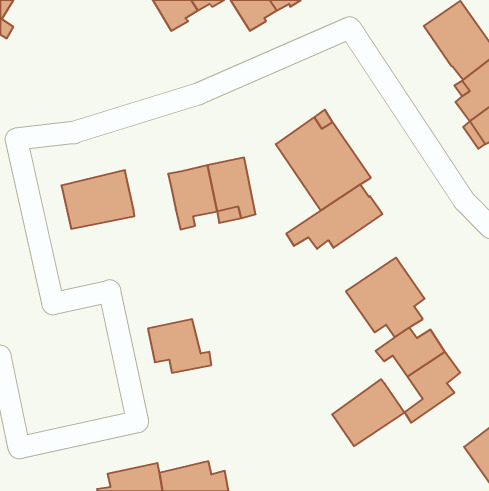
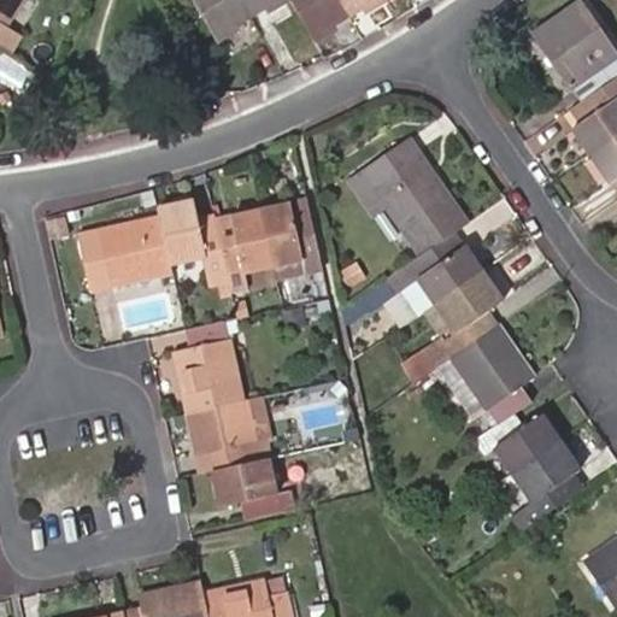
building: none -> [157,198,223,266]
building: none -> [421,269,503,365]
building: none -> [175,318,243,412]
building: none -> [213,458,294,518]
building: [332,379,405,446] -> none

